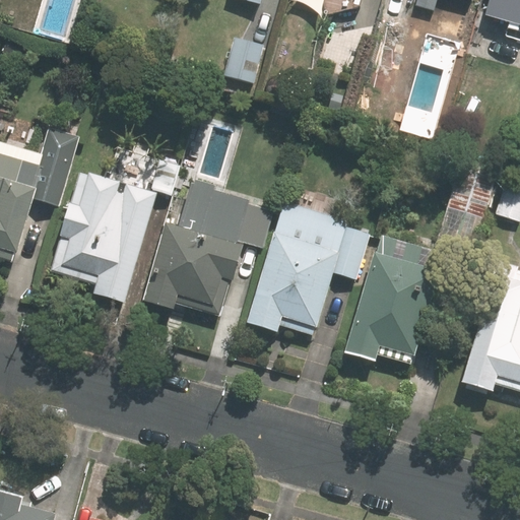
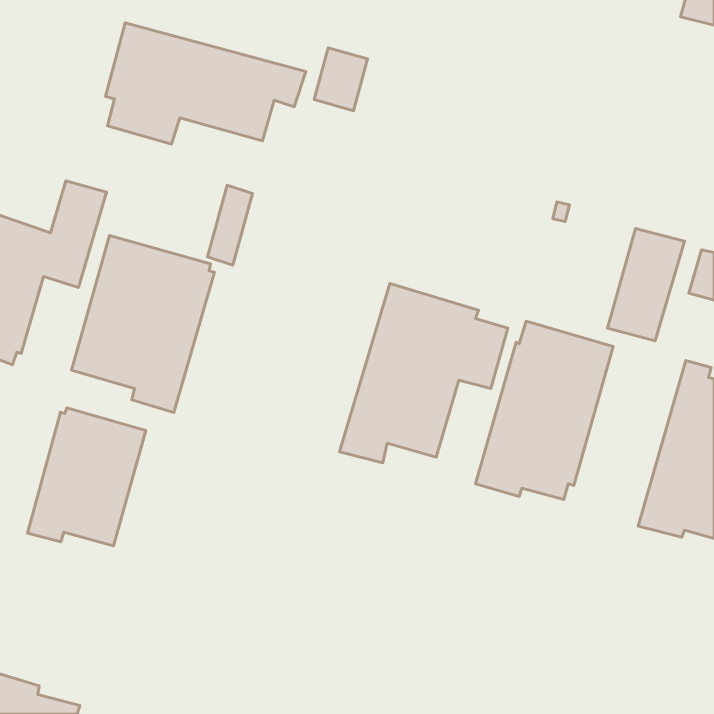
building: none -> [105,23,306,144]
building: [143,186,248,313] -> none
building: none -> [28,408,146,546]

